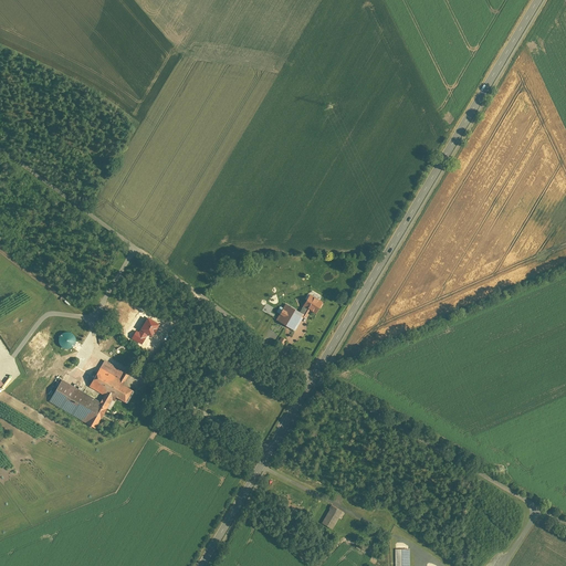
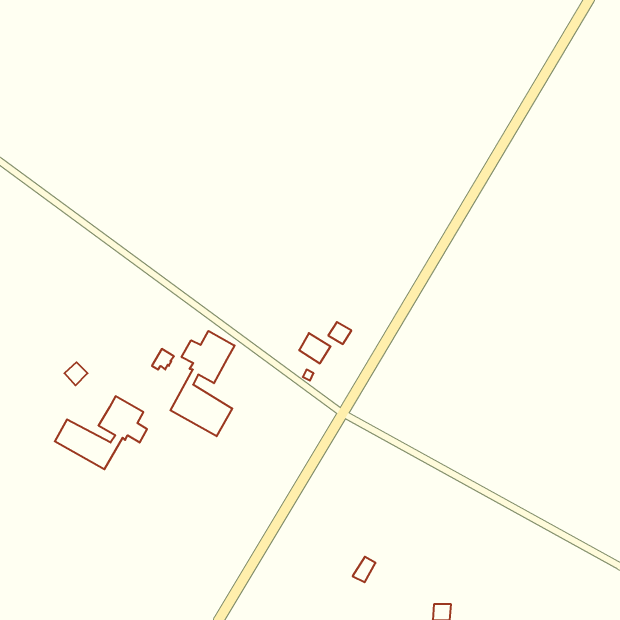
building: none -> [170,331,235,436]

